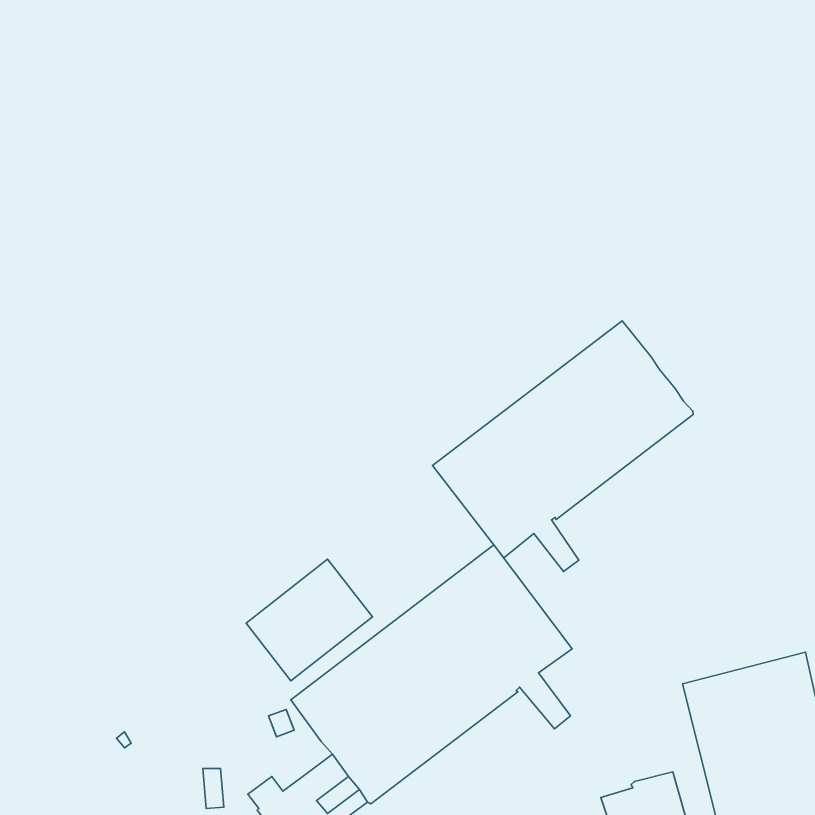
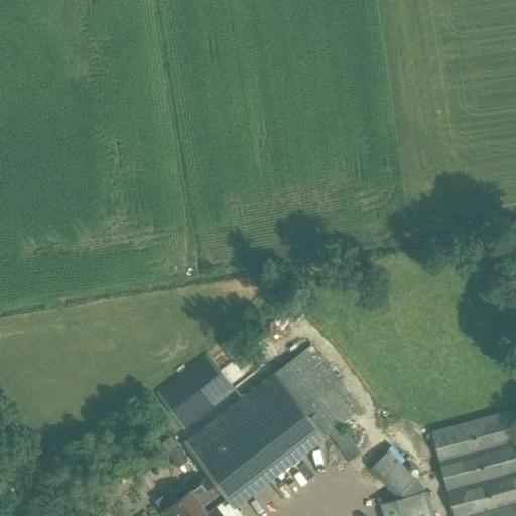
building: [432,321,693,571] -> none
building: none -> [369,450,418,497]

